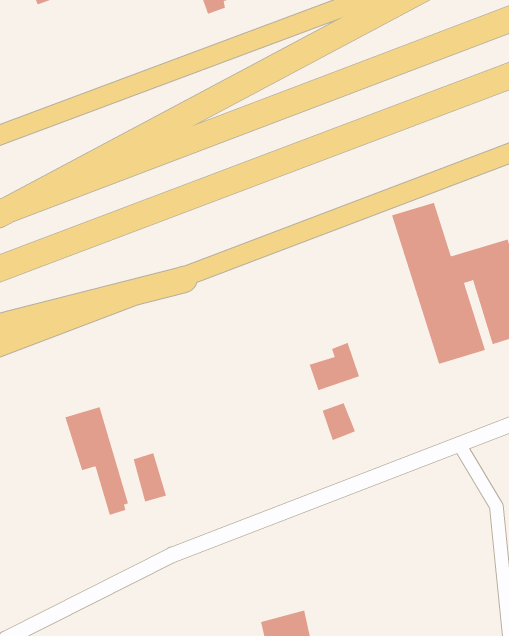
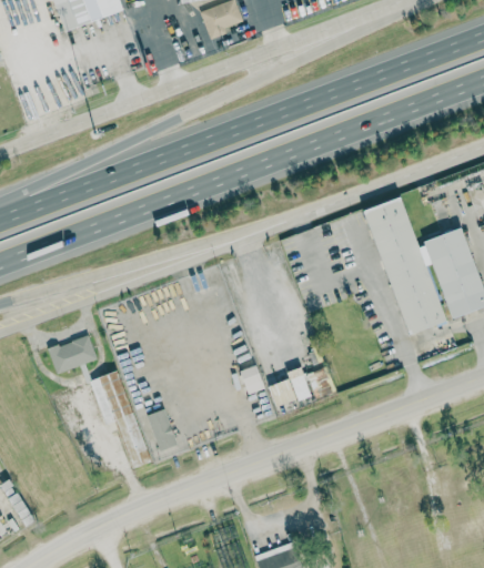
building: [309,342,360,391] -> [268,367,311,408]
building: none -> [47,335,97,374]
building: none -> [239,365,263,394]

